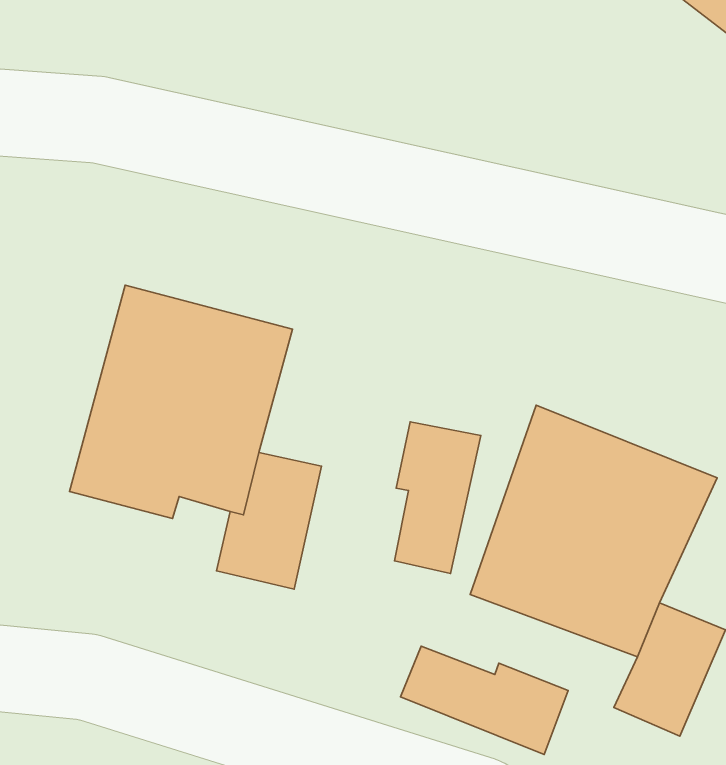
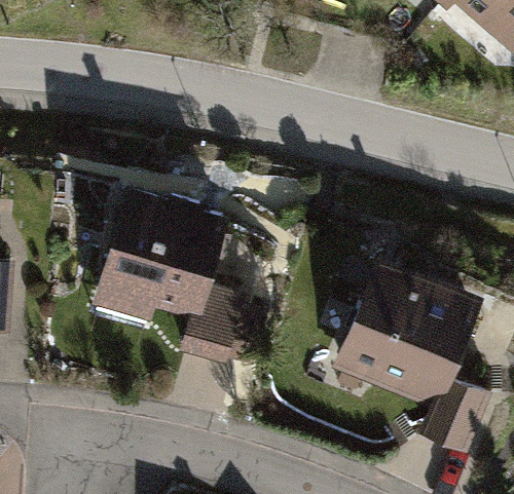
building: [394,422,481,573] -> none
building: [401,646,568,754] -> none

